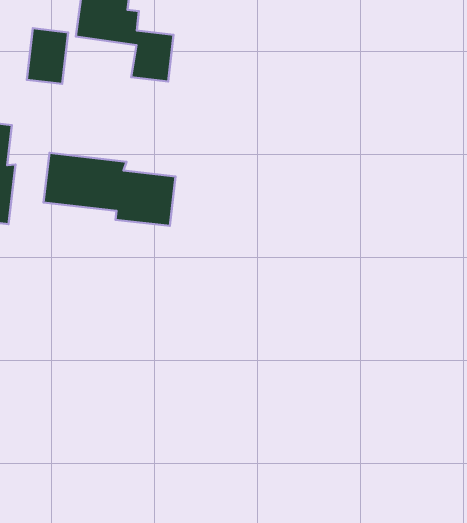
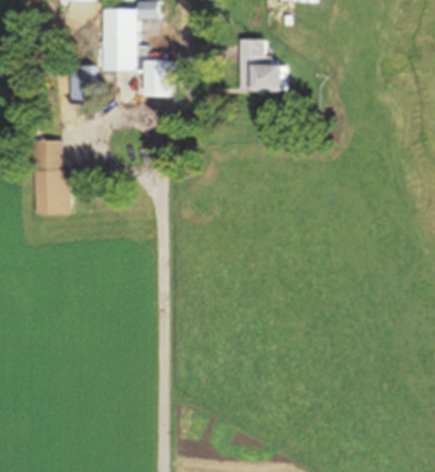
building: none -> [240,38,292,91]
building: [44,153,175,226] -> none

